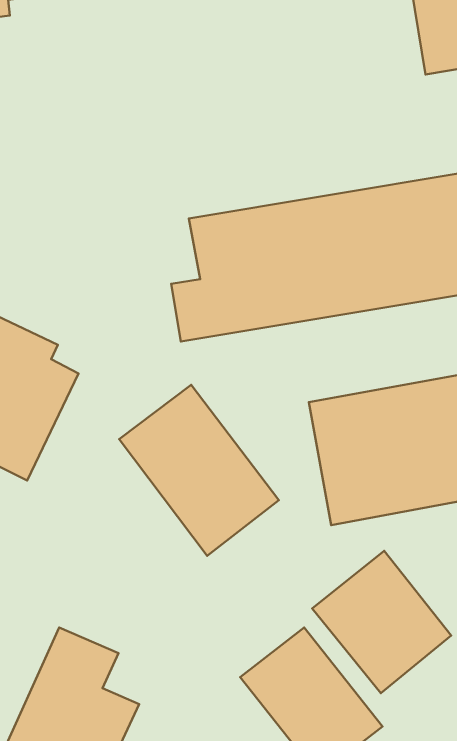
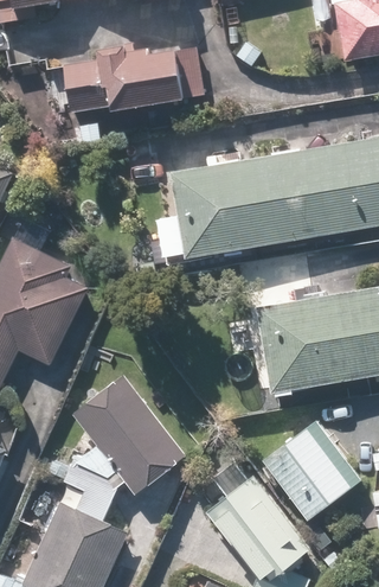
building: none -> [63,43,184,115]
building: [119,385,279,556] -> [70,372,188,499]

